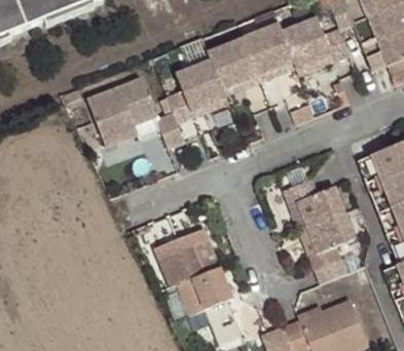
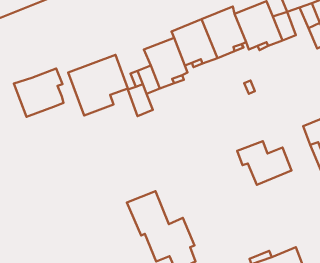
building: none -> [14,68,64,117]
building: [305,210,366,283] -> none

